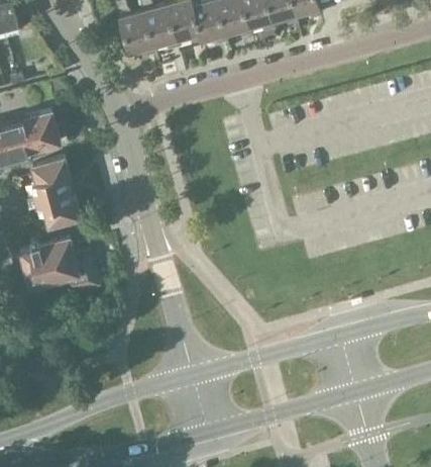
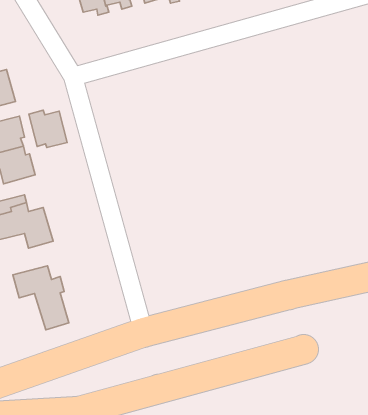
building: none -> [29,110,67,148]
building: none -> [13,266,69,330]

